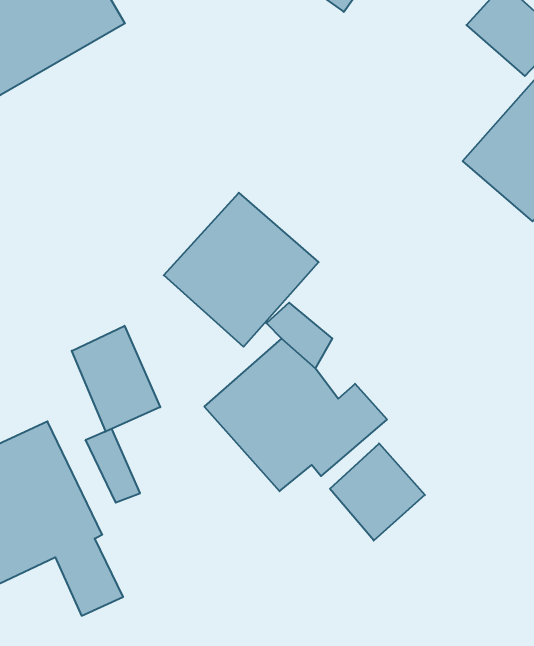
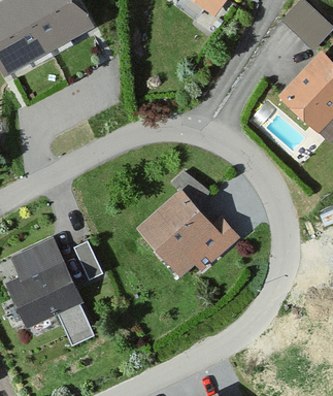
building: [164,193,319,347] -> none
building: [72,326,160,432] -> none
building: [330,443,425,541] -> none

